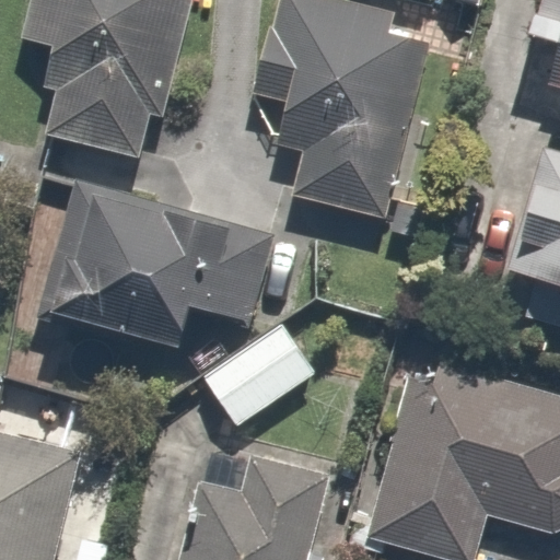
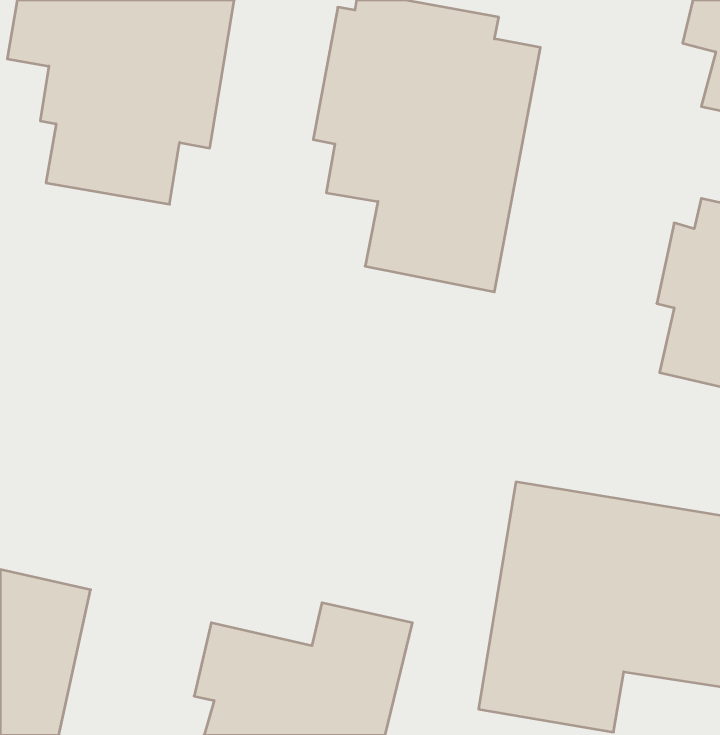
building: [49,187,280,338] -> none
building: [205,313,328,429] -> none

